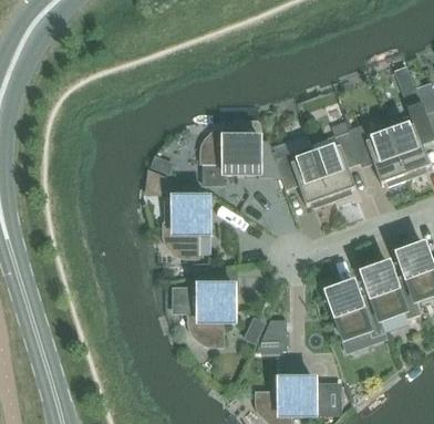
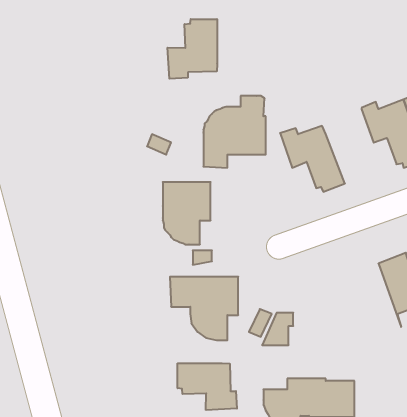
building: none -> [168,19,217,79]
building: [316,131,360,199] -> none
building: [328,273,385,340] -> none
building: none -> [178,363,237,410]

